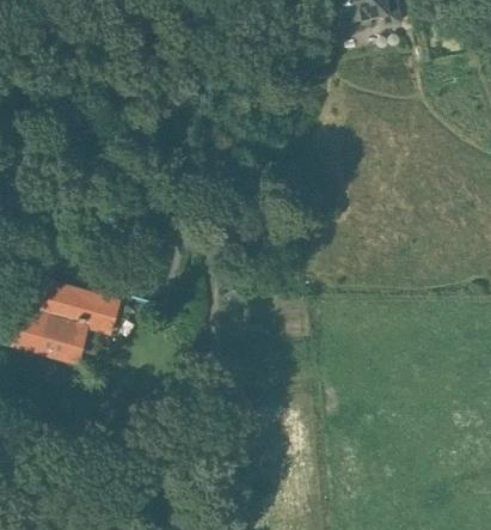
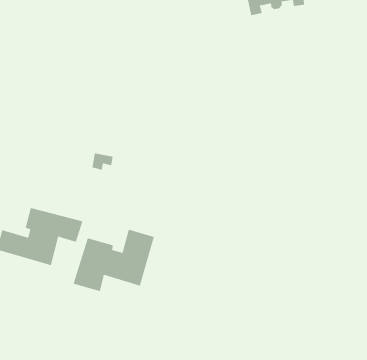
building: none -> [73,229,154,292]

